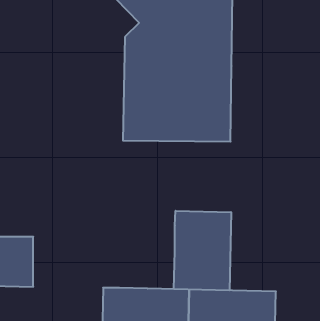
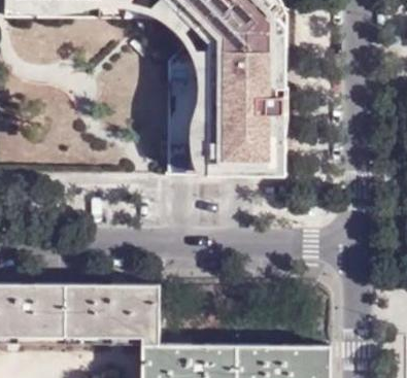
building: [174,211,231,290] -> none
building: none -> [66,283,160,339]

